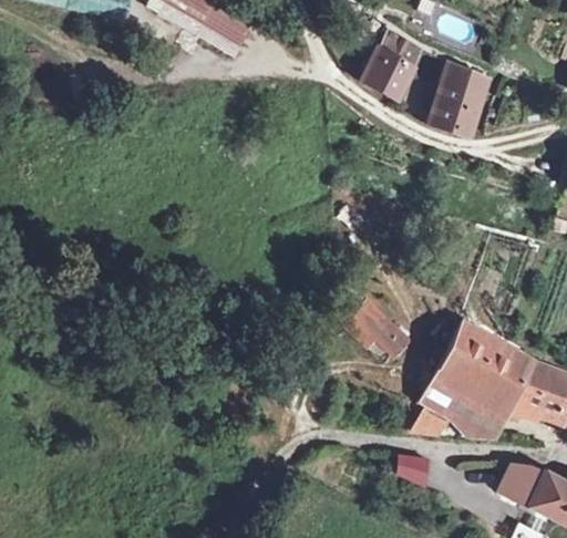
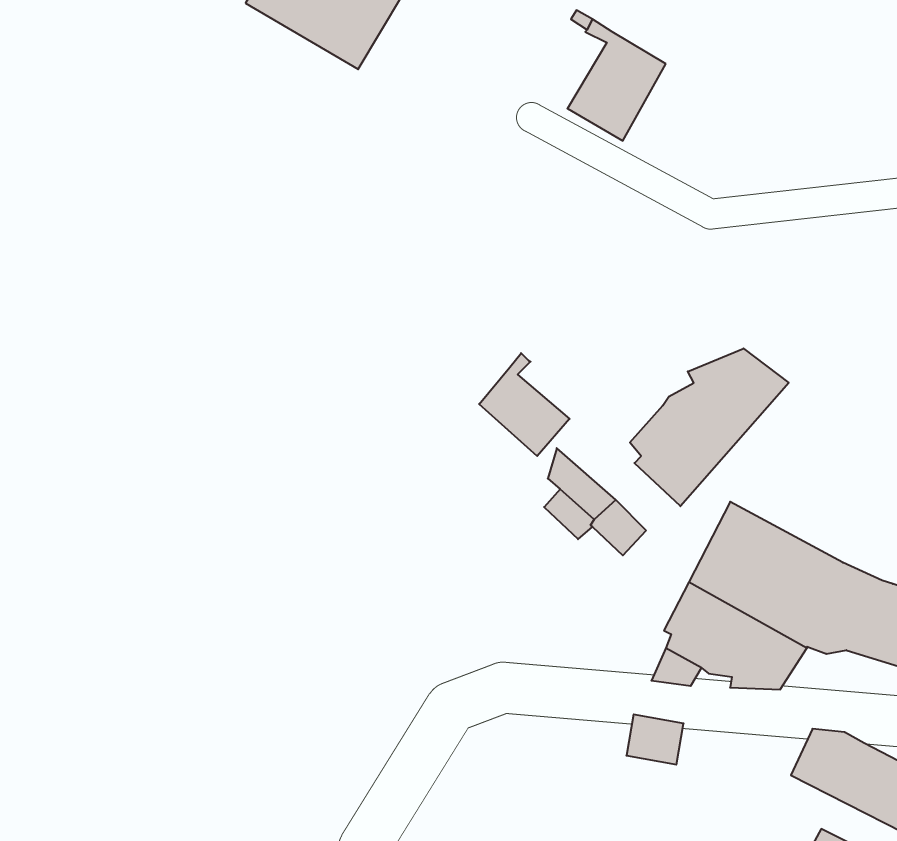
building: [426,63,489,136] -> none
building: none -> [630,348,789,506]
building: none -> [479,353,570,456]

